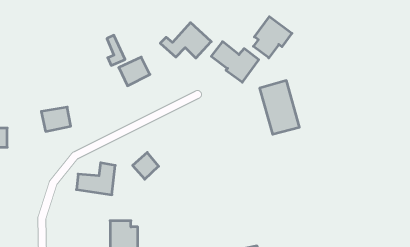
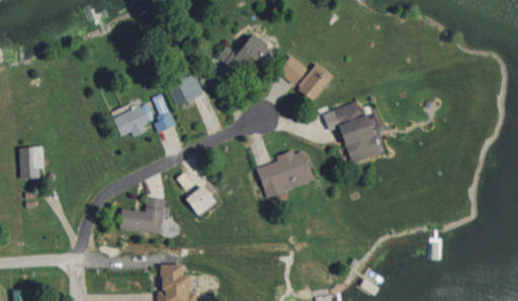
building: [253,17,292,58] -> none
building: [107,35,125,65] -> [154,97,175,132]
building: [41,107,71,131] -> [114,109,149,137]
building: none -> [256,149,314,198]

